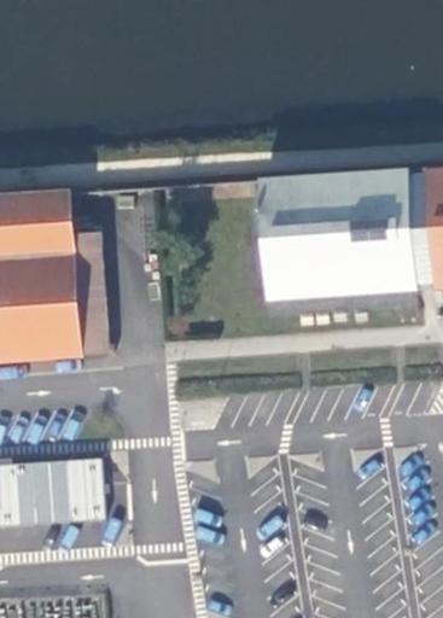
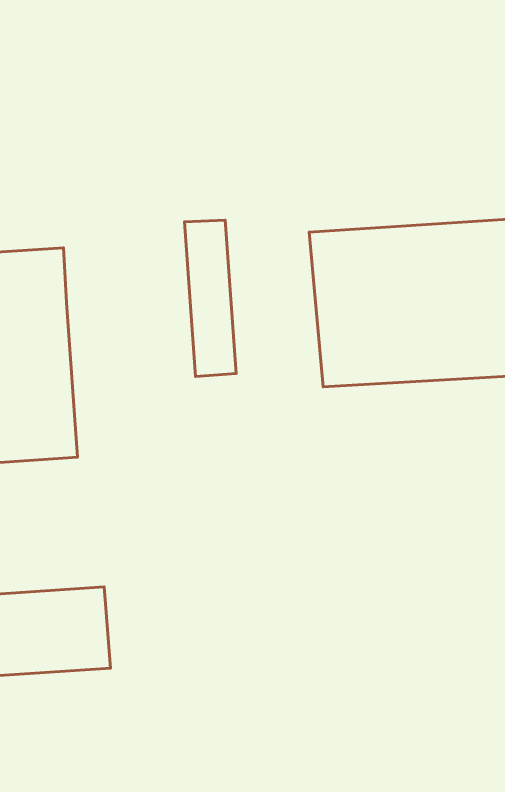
building: [70,235,110,356] -> [184,220,236,377]

